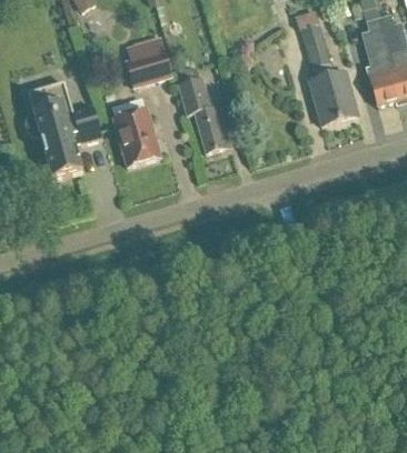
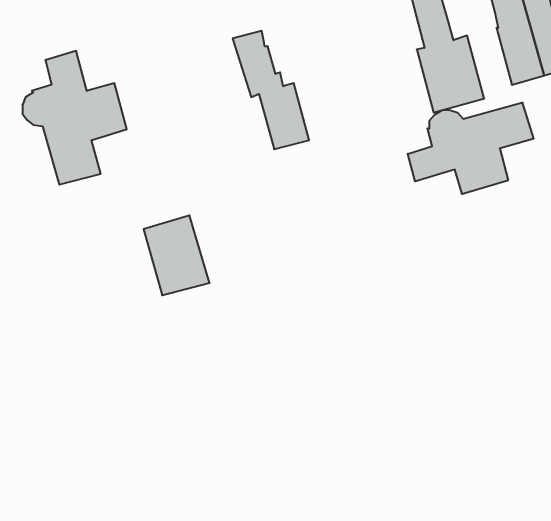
building: [126,47,170,83] -> none
building: [112,104,160,162] -> [144,215,210,295]
building: none -> [408,102,534,194]

